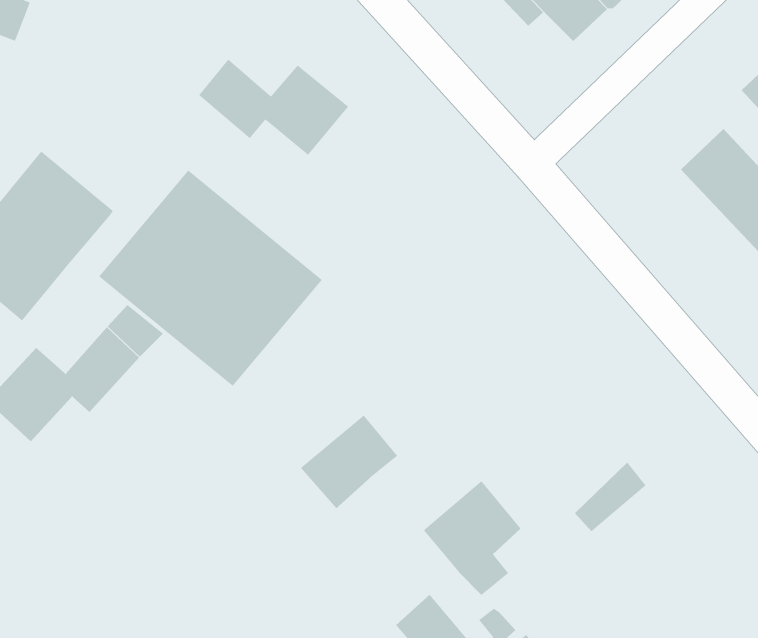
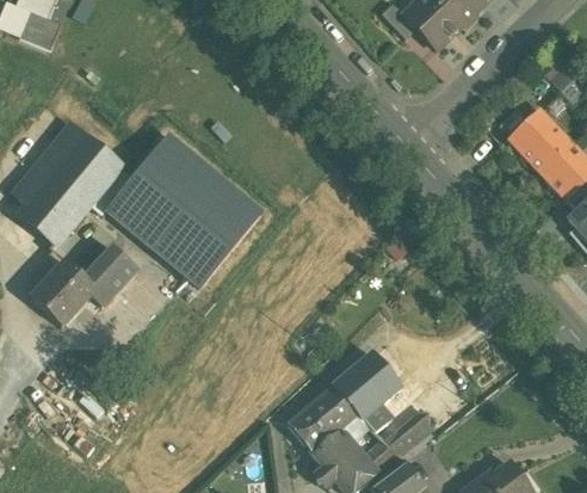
building: [198,58,349,156] -> none
building: [300,414,398,509] -> [289,387,357,452]
building: [574,461,647,532] -> [385,407,435,456]

